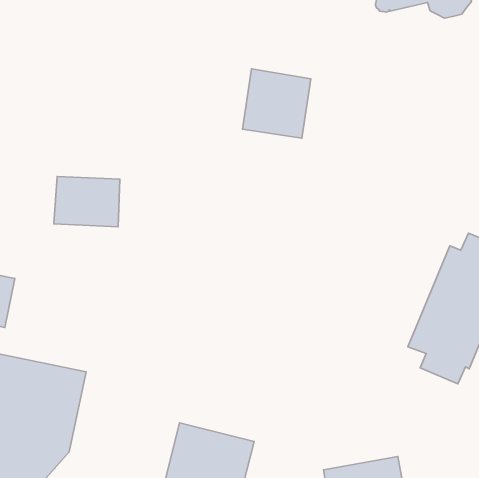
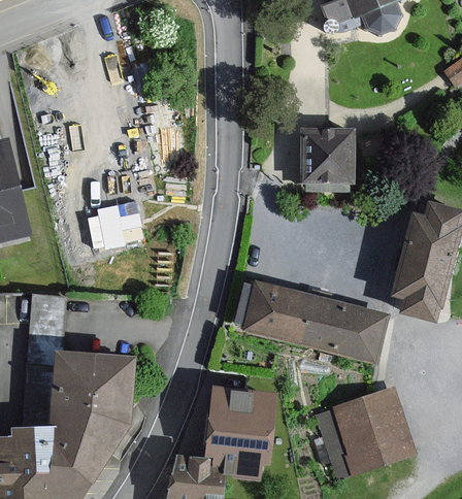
building: [243,69,311,138] -> [303,132,352,181]
building: none -> [240,280,389,367]

